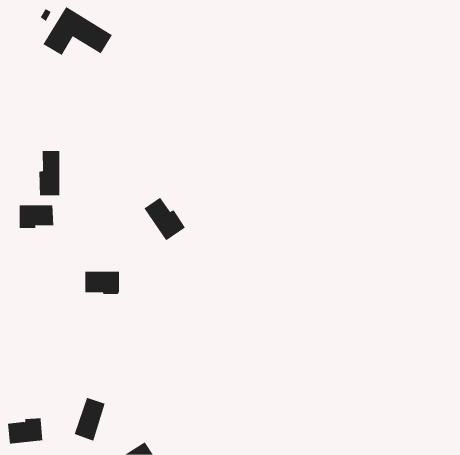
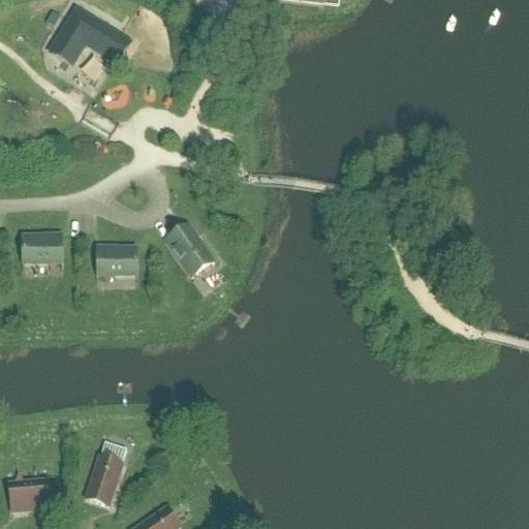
building: [39,150,60,196] -> none
building: [85,271,120,295] -> [96,246,136,273]

